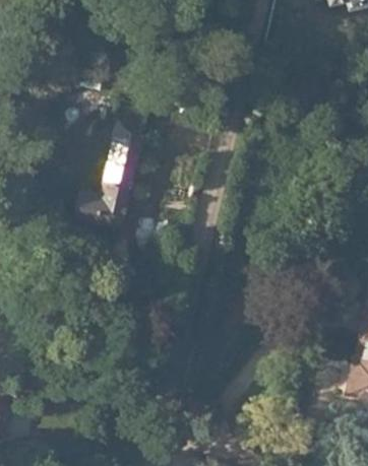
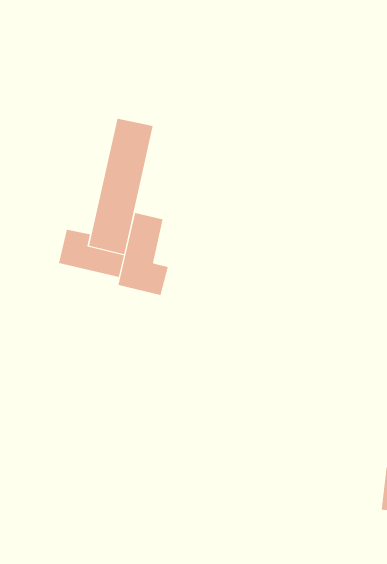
building: none -> [118,212,169,296]

